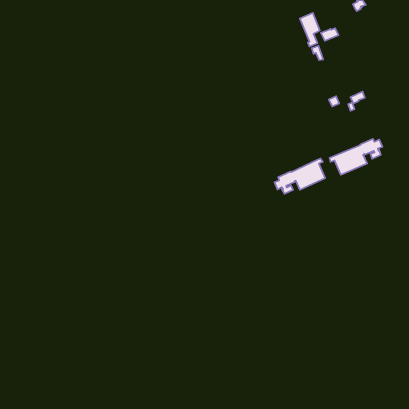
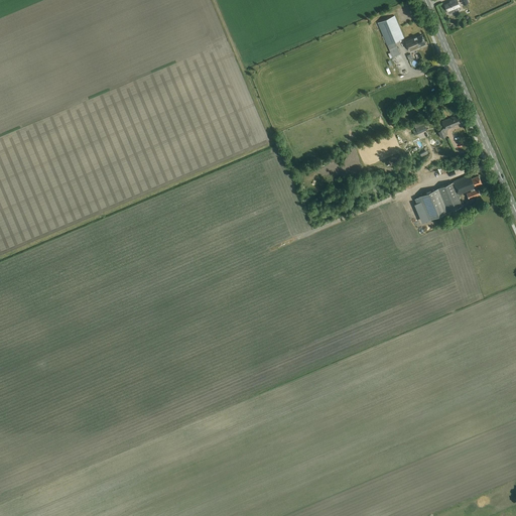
building: [274,159,325,194] -> none

